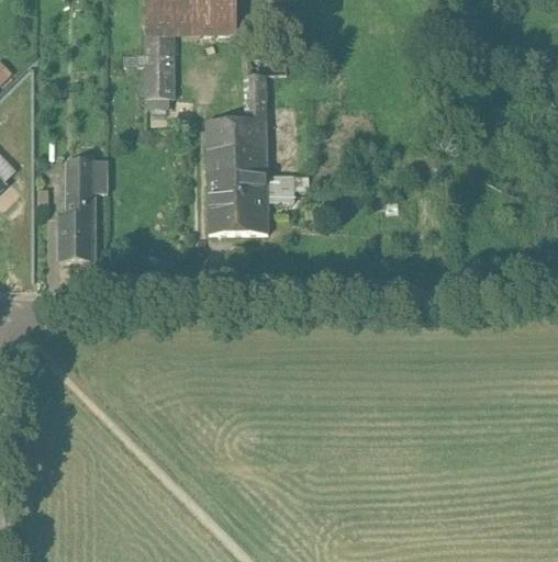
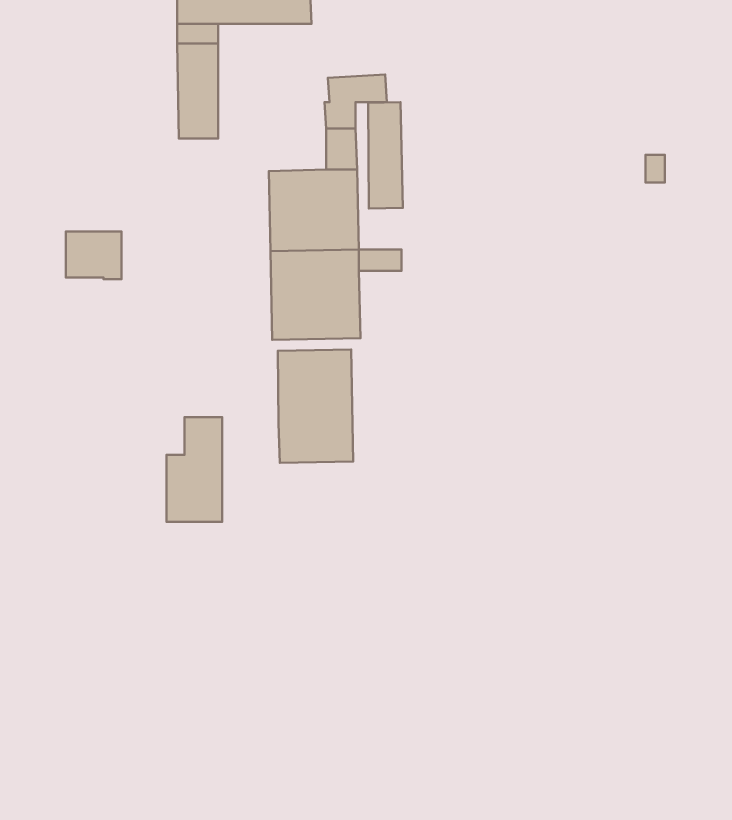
building: none -> [368,102,403,209]
building: [58,193,96,263] -> [166,417,222,522]
building: none -> [278,349,353,463]

